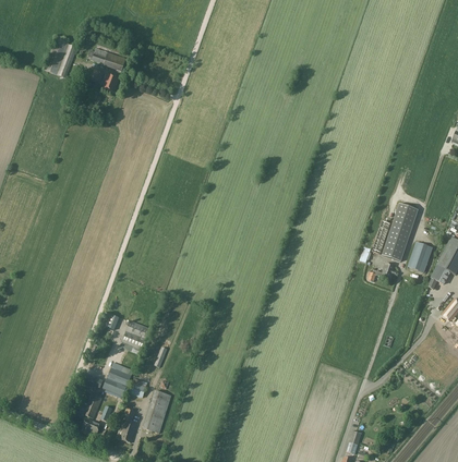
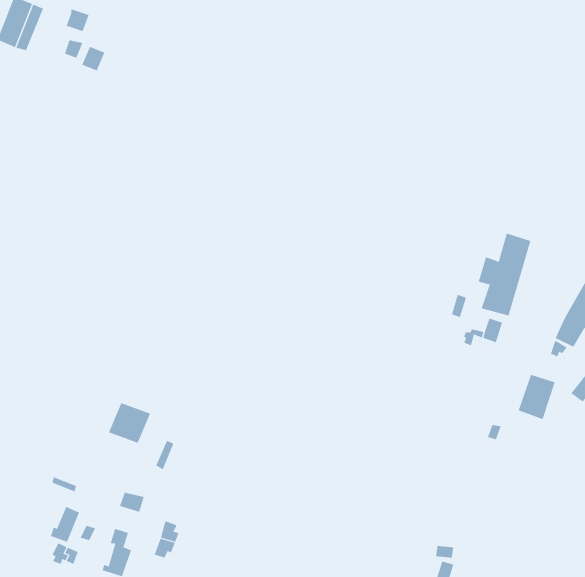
building: [408,241,434,272] -> [518,374,556,420]
building: [104,366,132,396] -> none

